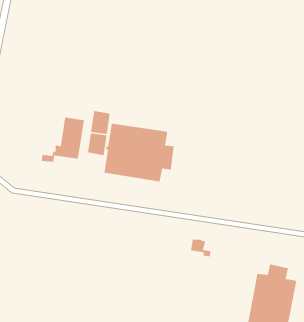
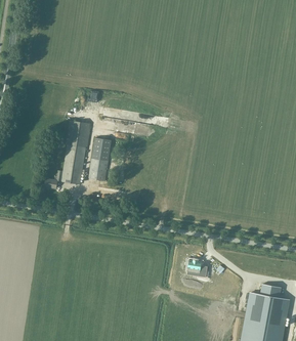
building: none -> [66,121,91,146]
building: [104,123,175,183] -> none

